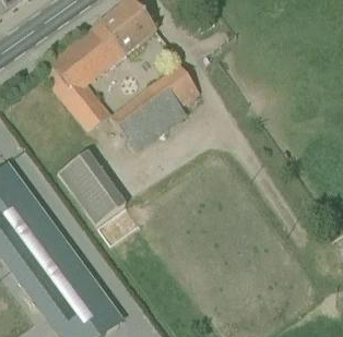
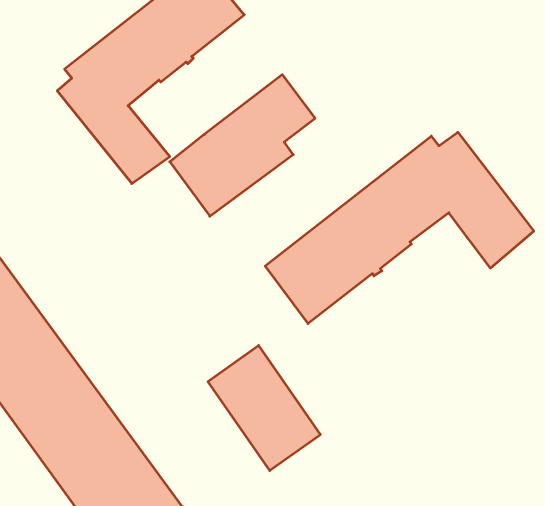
building: none -> [265,132,534,324]
building: [57,146,125,221] -> [208,345,320,471]

